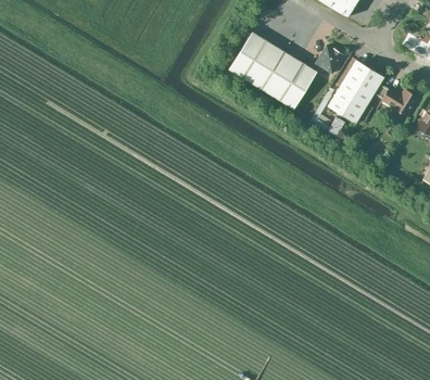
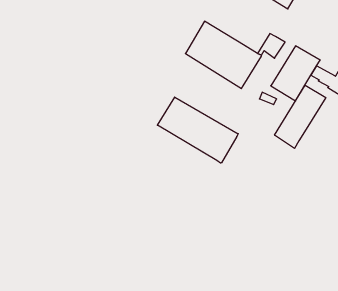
building: none -> [275,85,326,148]
building: none -> [157,97,238,163]

